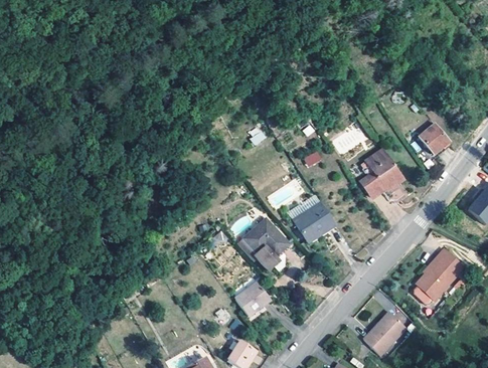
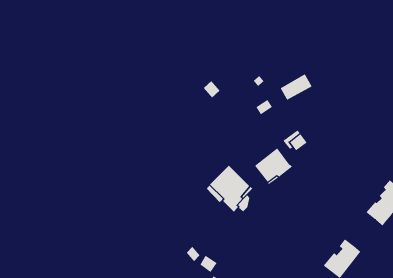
building: [421,123,450,153] -> none
building: [361,147,404,195] -> none
building: [236,279,272,312] -> none

